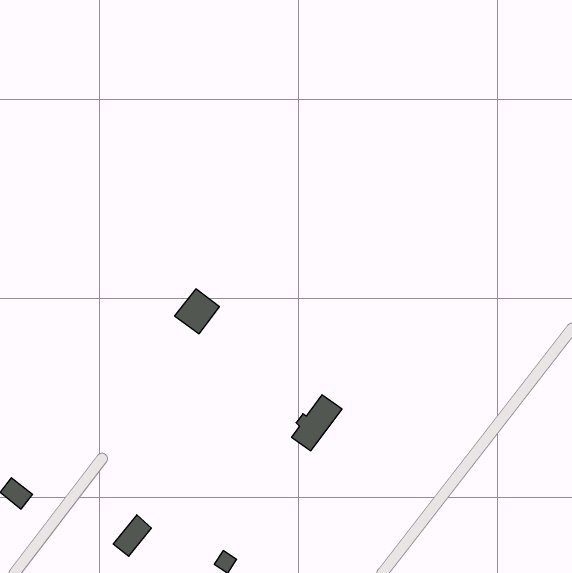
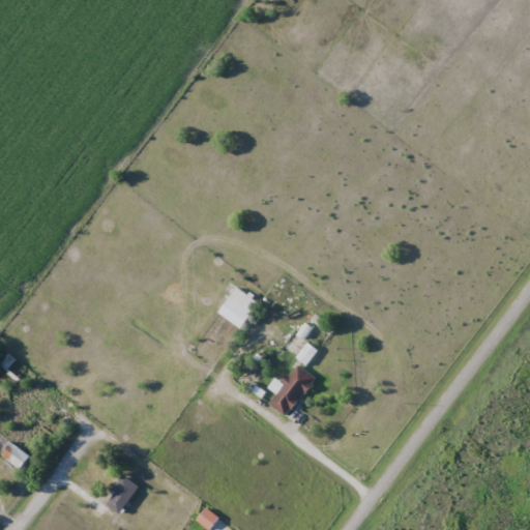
building: [175,289,219,334] -> [217,287,259,328]
building: none -> [283,332,317,365]

